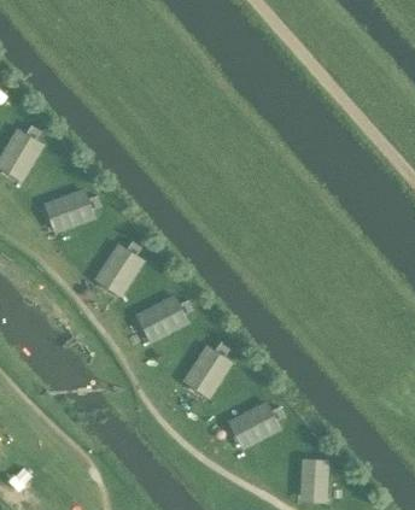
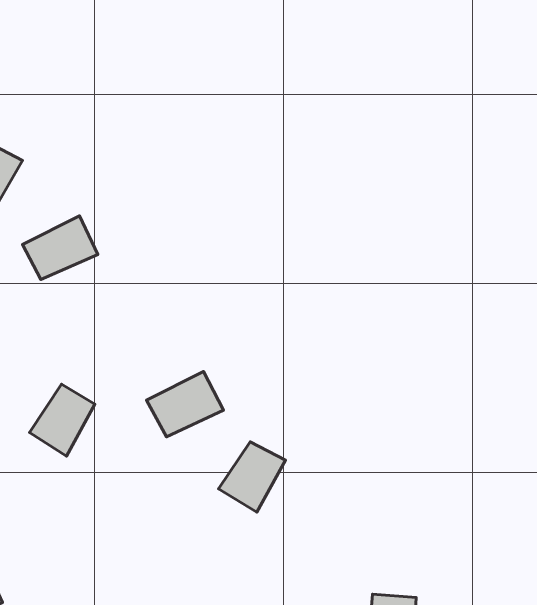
building: [94,245,141,297] -> [30,384,95,456]
building: [224,399,280,446] -> none

